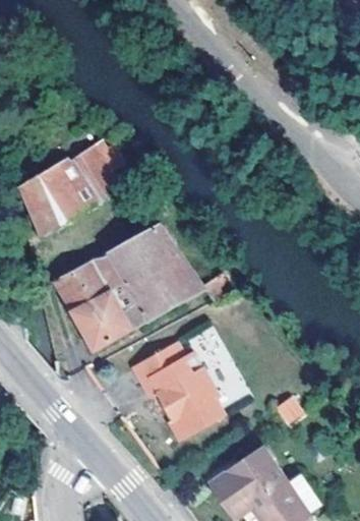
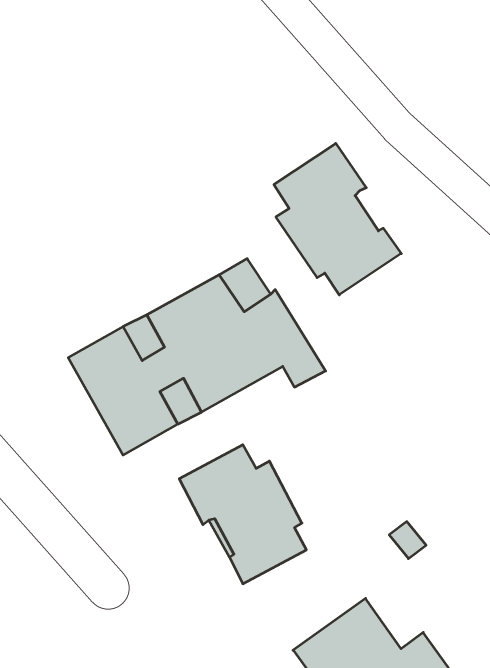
building: none -> [274,143,401,295]
building: [23,149,117,229] -> none

